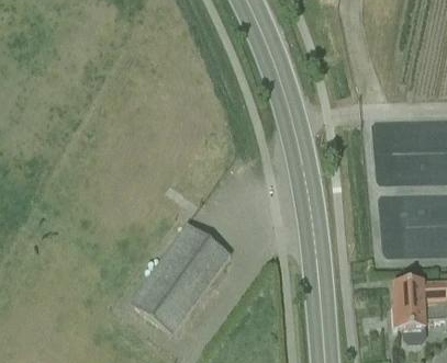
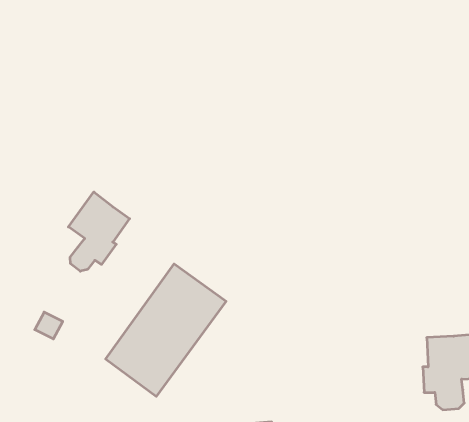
building: none -> [68,192,130,271]

